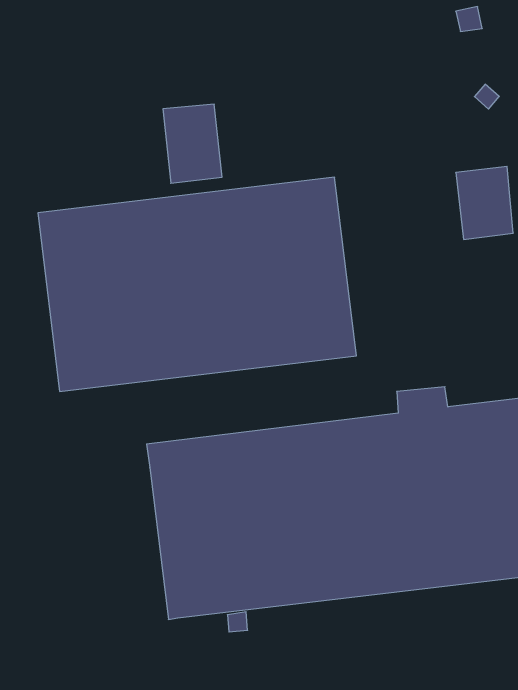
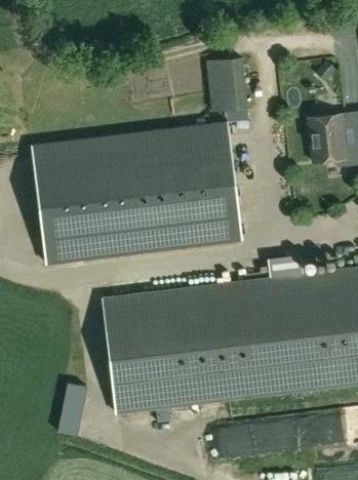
building: [163,104,222,183] -> [206,58,245,111]
building: none -> [57,383,85,435]

